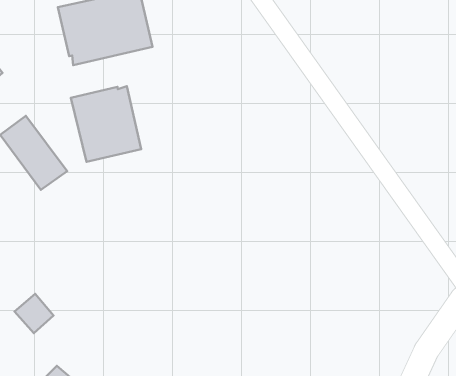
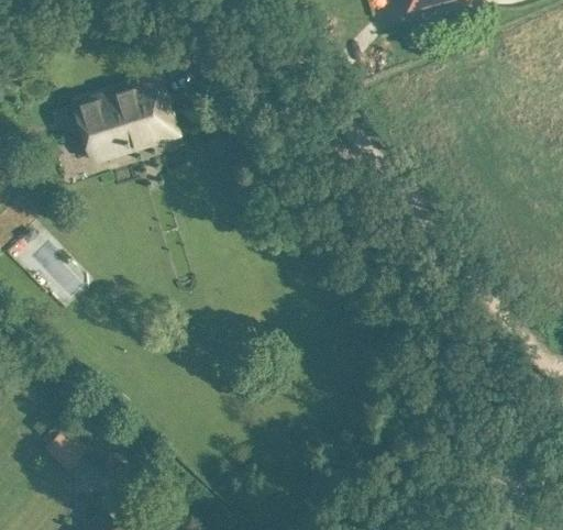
building: [71,86,141,162] -> none

